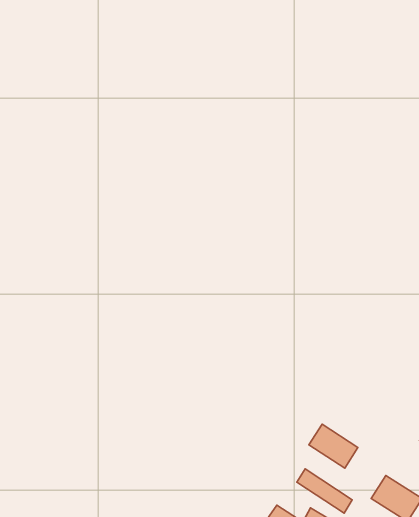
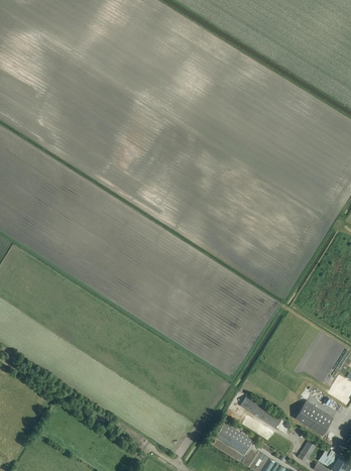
building: [309,424,358,468] -> none

